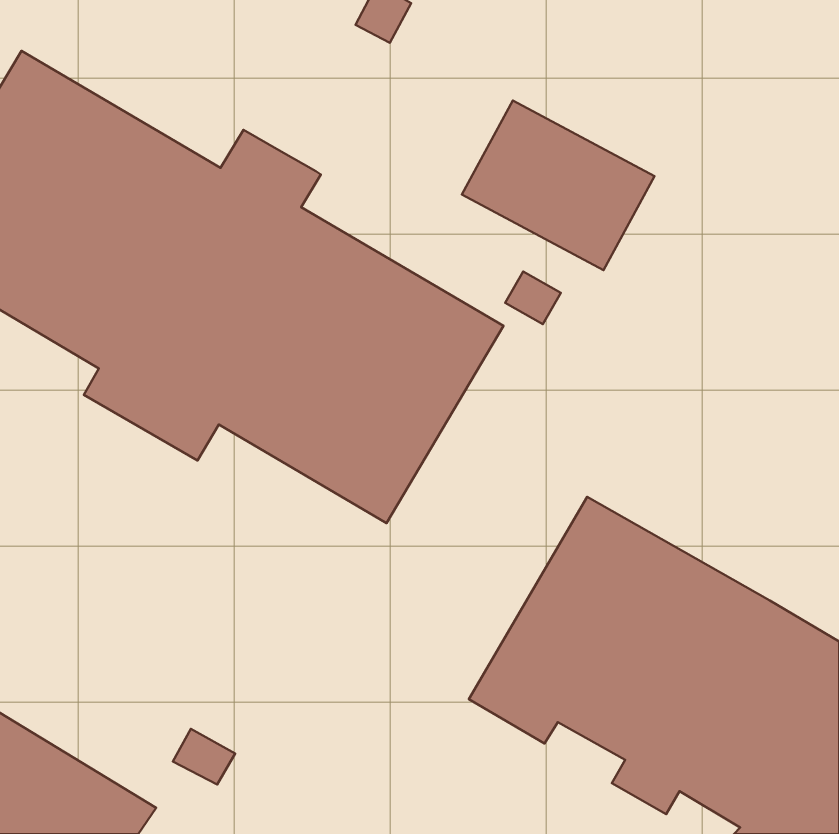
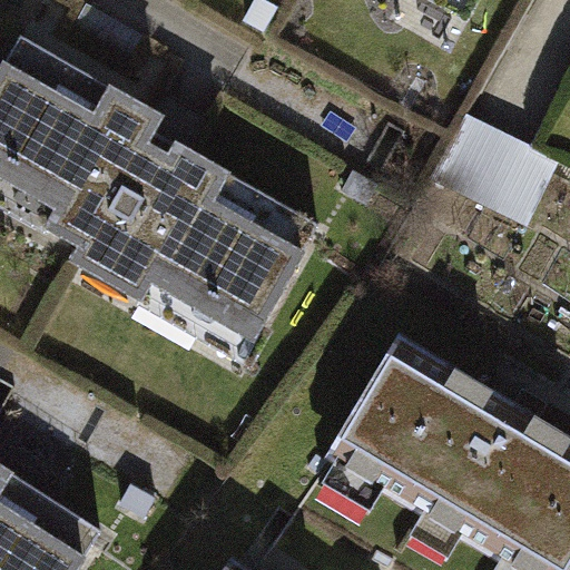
building: [462,101,654,270] -> [433,110,563,225]

